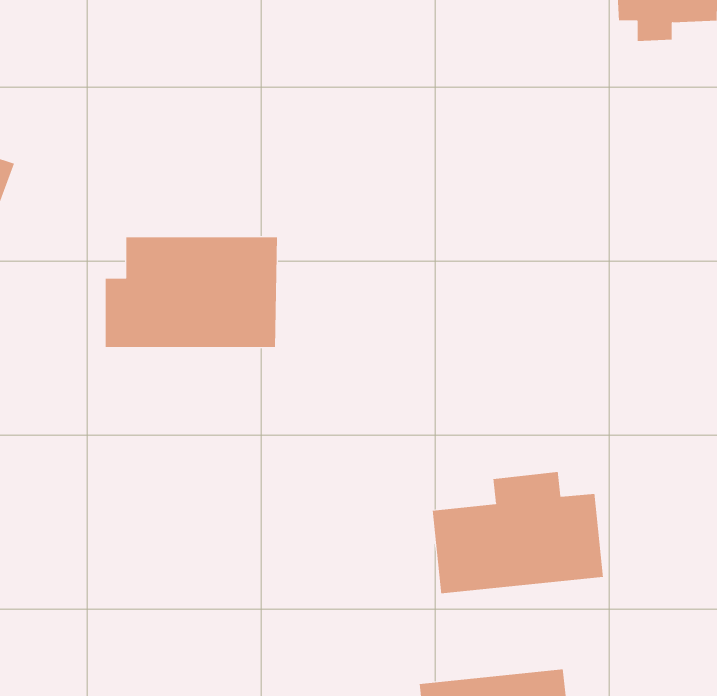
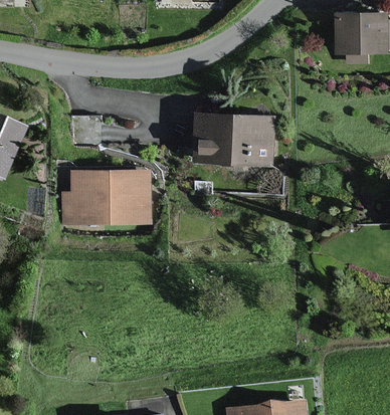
building: none -> [195,111,275,166]
building: [432,471,603,594] -> none

